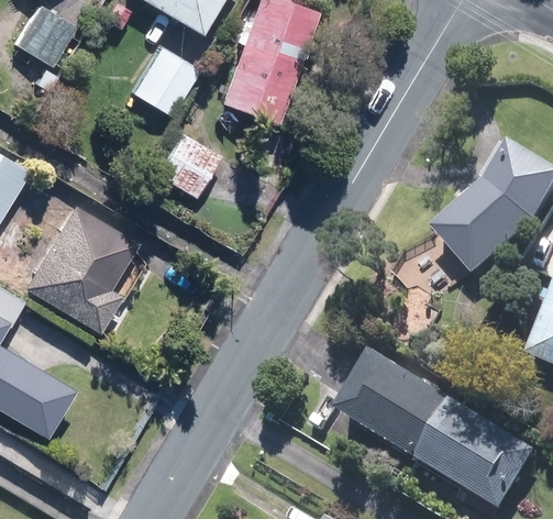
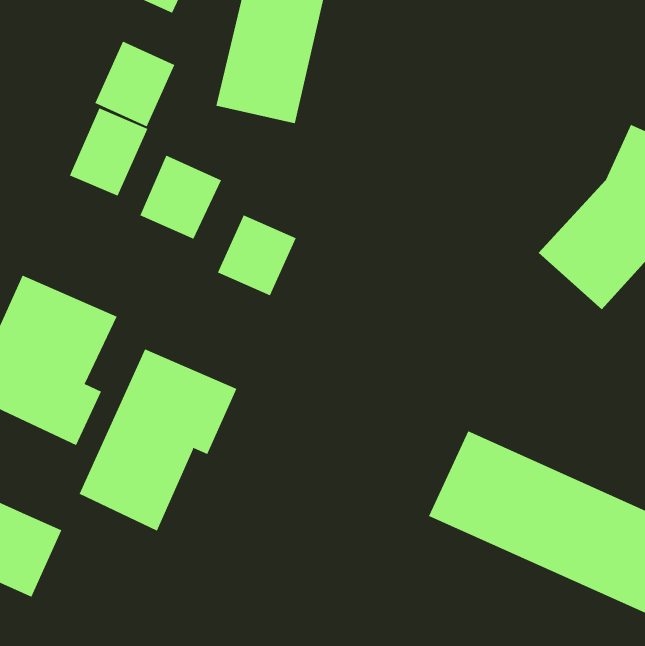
building: none -> [69,108,148,197]
building: none -> [217,215,297,296]
building: none -> [79,349,237,532]

